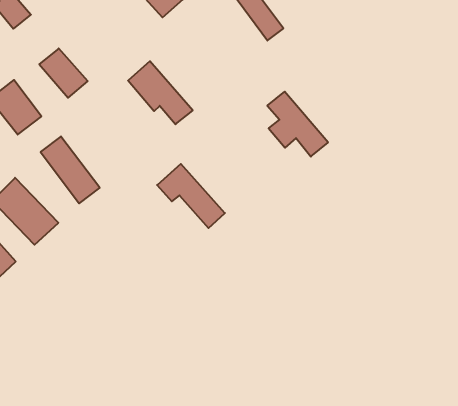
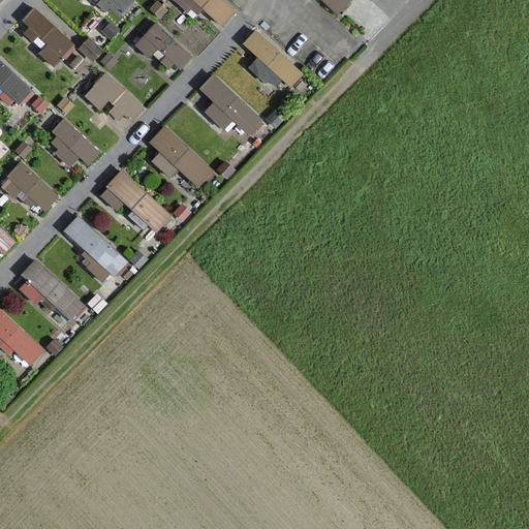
building: none -> [83,71,144,132]
building: [267,92,328,157] -> [198,71,267,136]
building: [157,164,225,228] -> [98,169,173,234]

